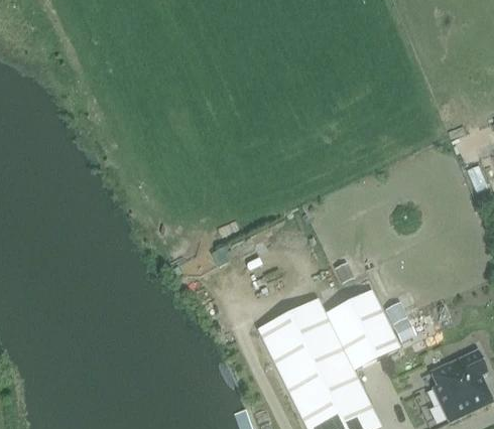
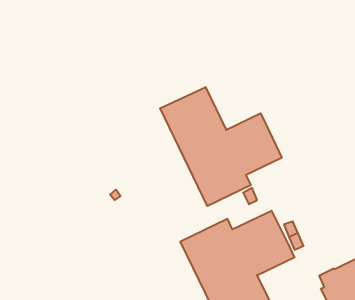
building: none -> [160,87,282,206]

